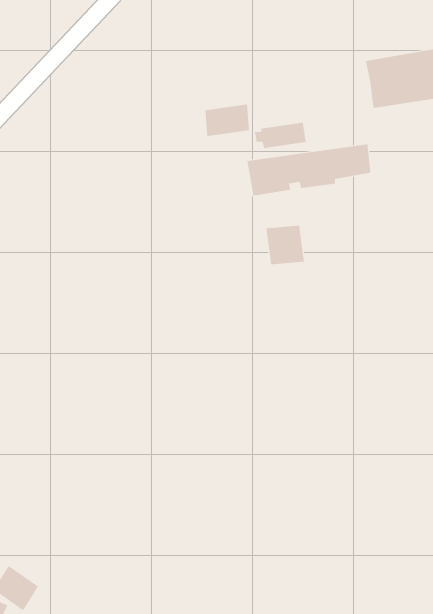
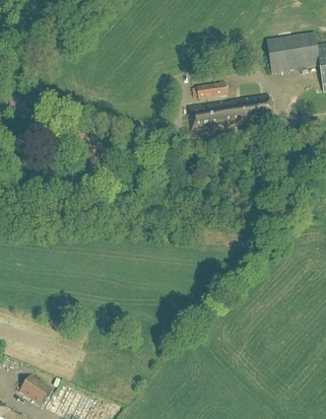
building: [205,104,250,137] -> none
building: [266,225,305,265] -> none

